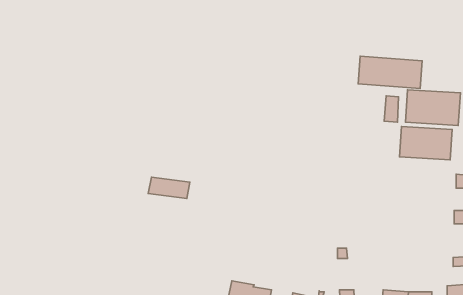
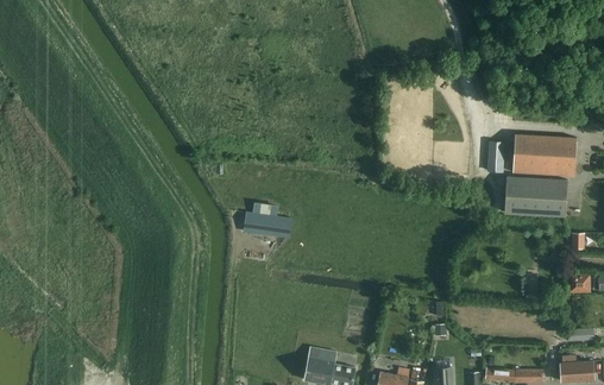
building: [358,56,422,89] -> none
building: [148,177,190,199] -> [244,212,292,236]

